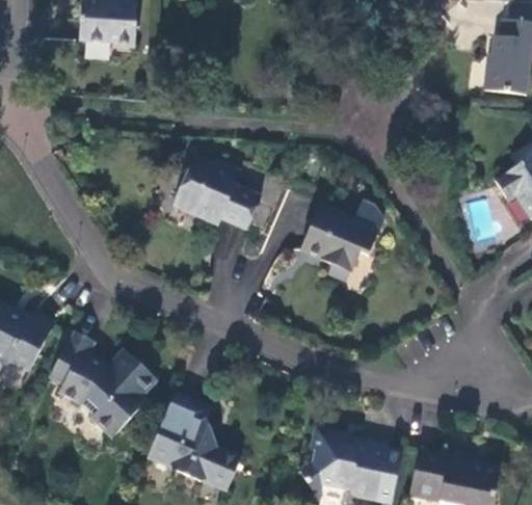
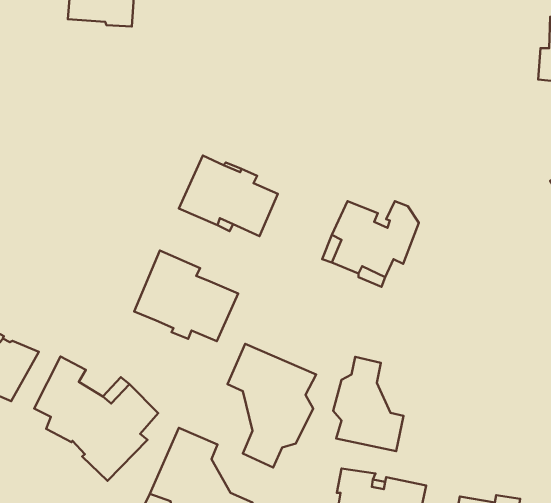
building: none -> [134,251,238,341]
building: none -> [227,344,316,468]
building: none -> [333,357,403,451]

